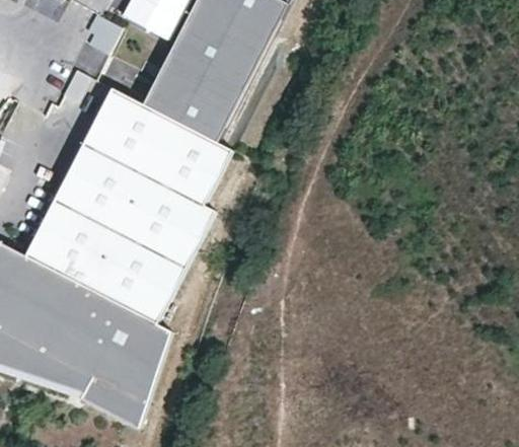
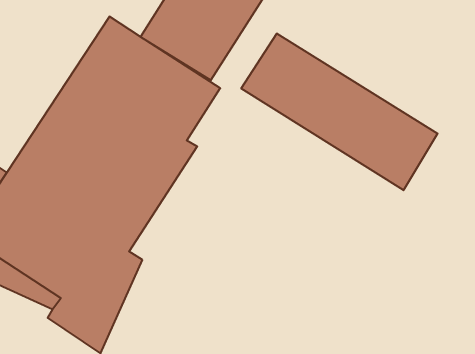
building: none -> [241,33,438,190]

